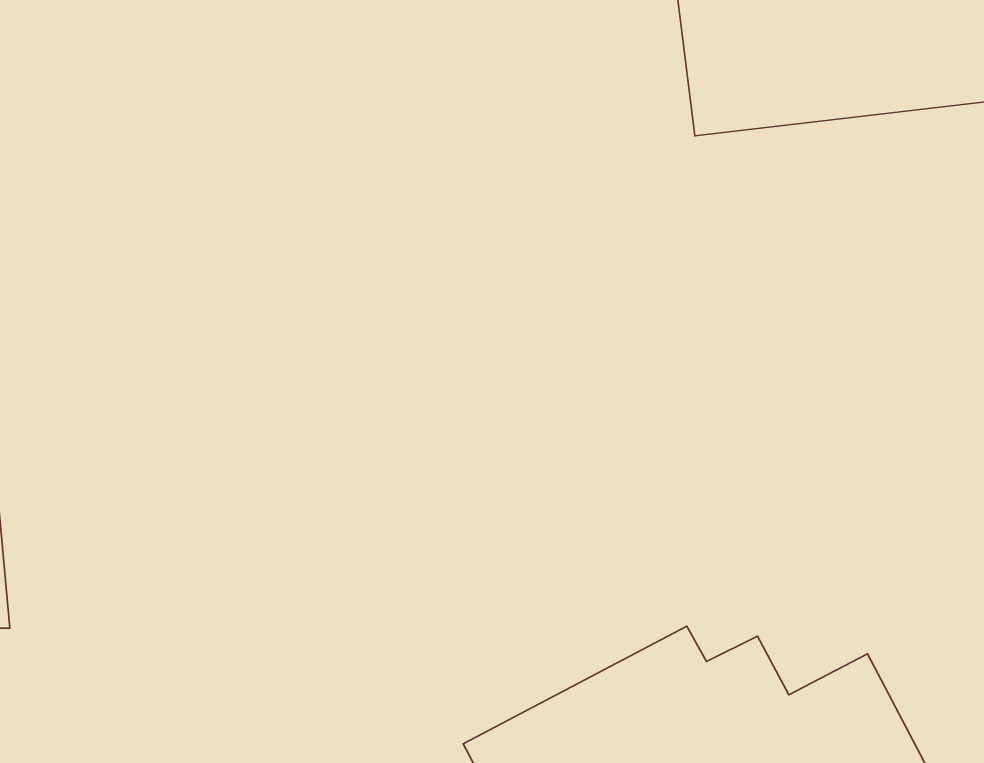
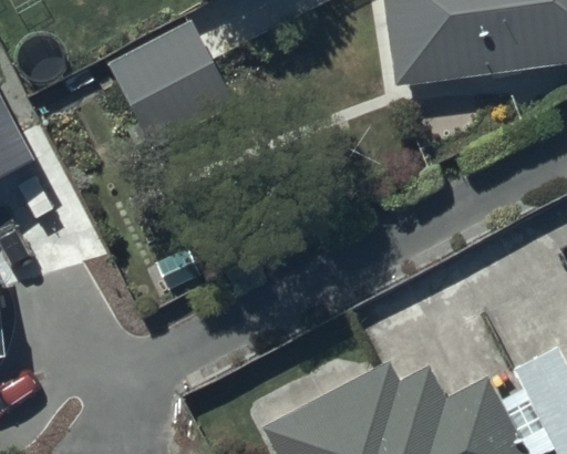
building: none -> [109,20,233,144]

